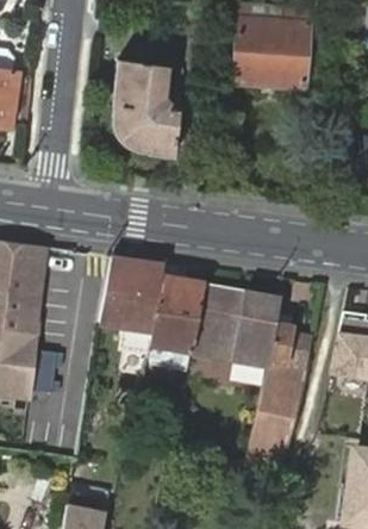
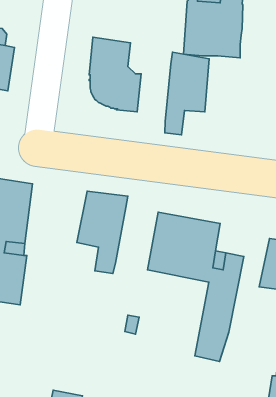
building: none -> [165,52,209,135]
building: [148,275,201,354] -> none

